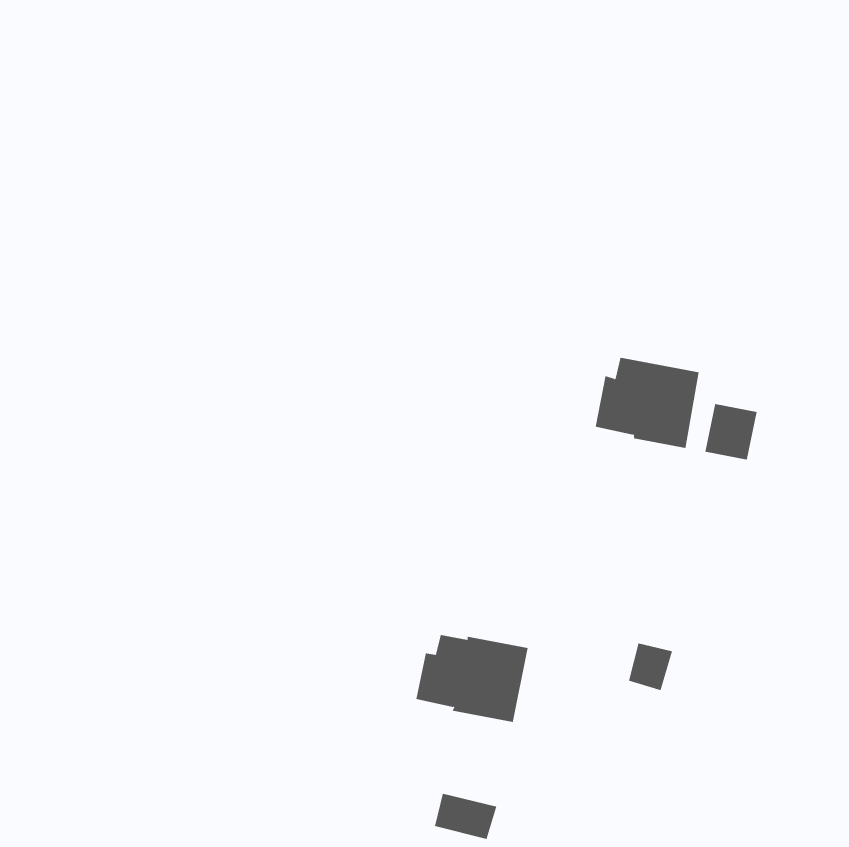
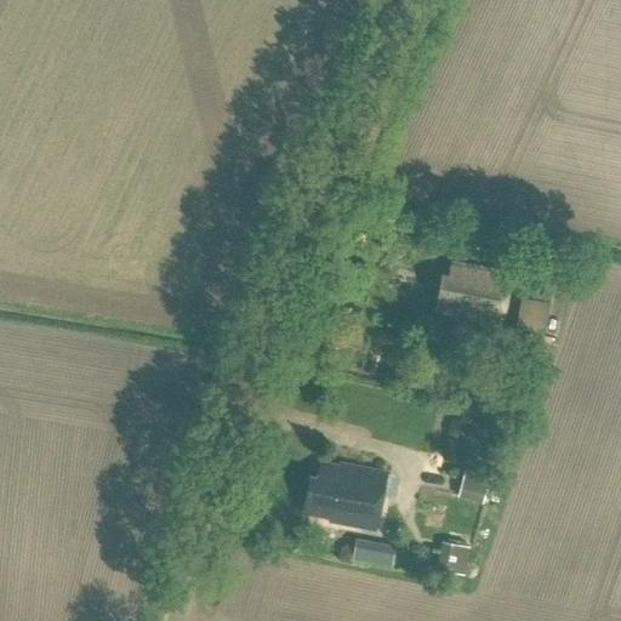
building: none -> [437,541,469,575]
building: [434,793,497,840] -> [352,535,398,569]

